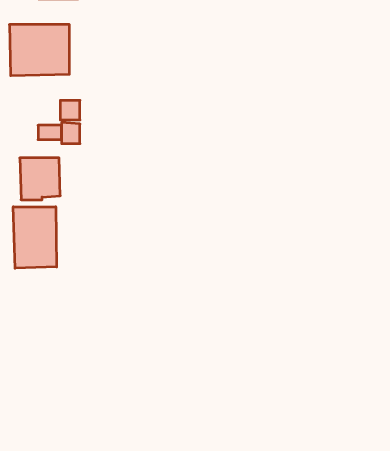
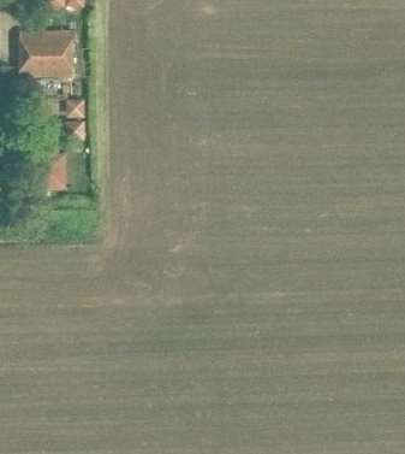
building: [13,207,57,268] -> none

